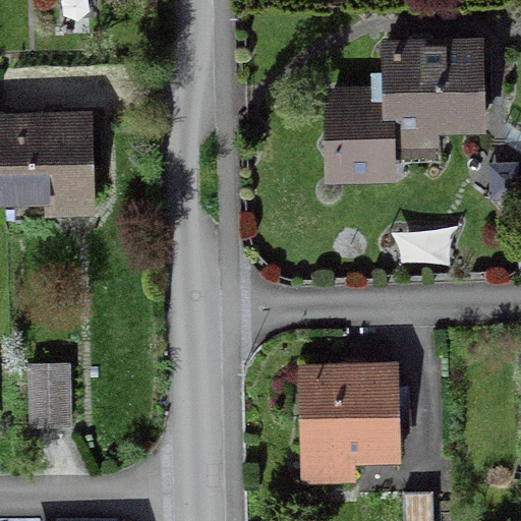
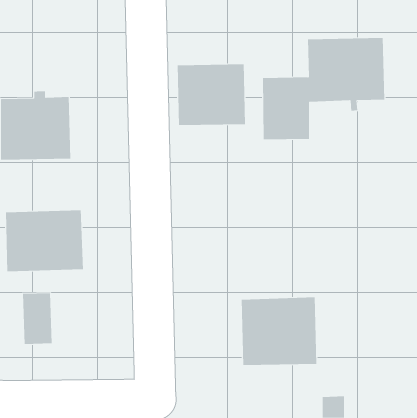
building: none -> [177,63,245,126]
building: none -> [6,209,83,272]

